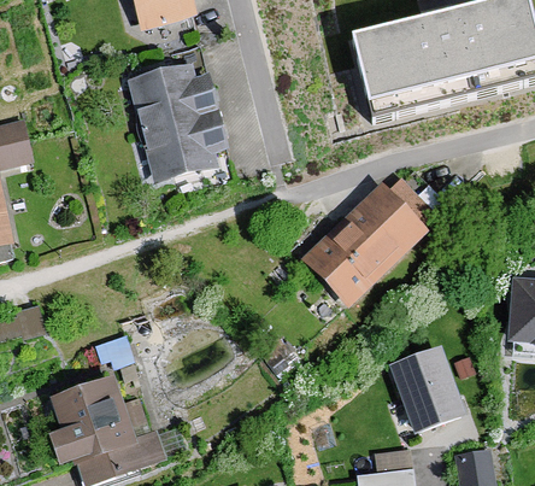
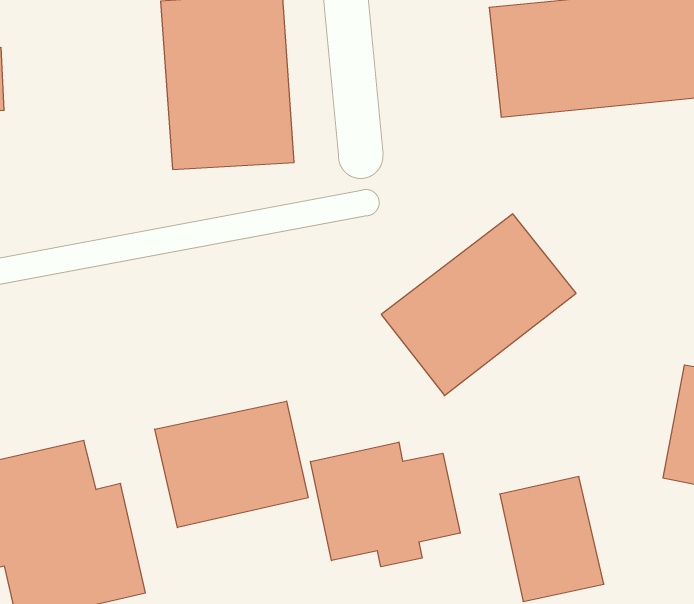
building: none -> [155,401,308,528]
building: none -> [310,442,460,567]

